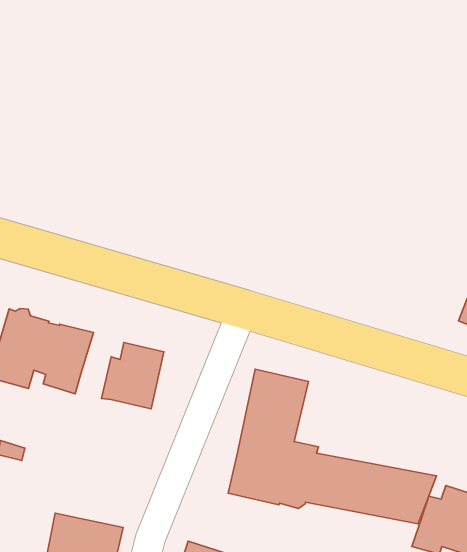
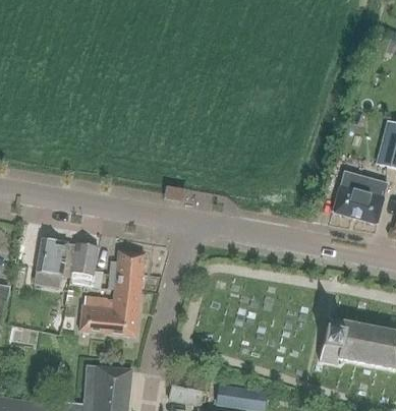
building: [228,369,437,524] -> none
building: none -> [79,288,140,336]

